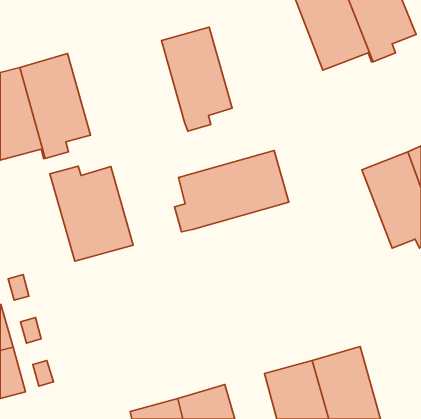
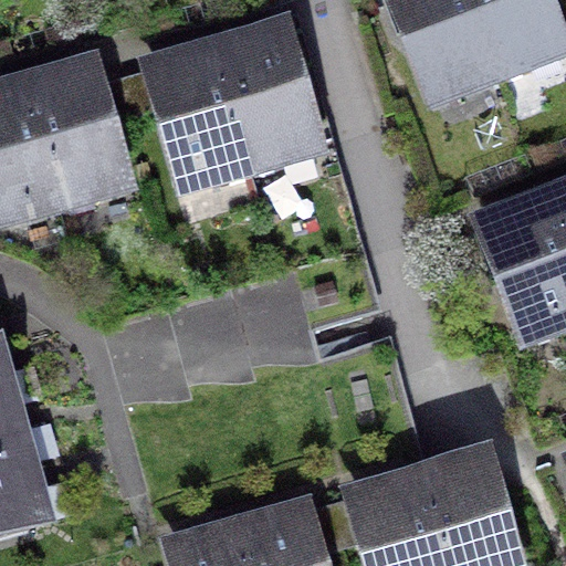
building: none -> [153,54,252,186]
building: [174,151,289,232] -> none
building: [50,166,133,261] -> none

